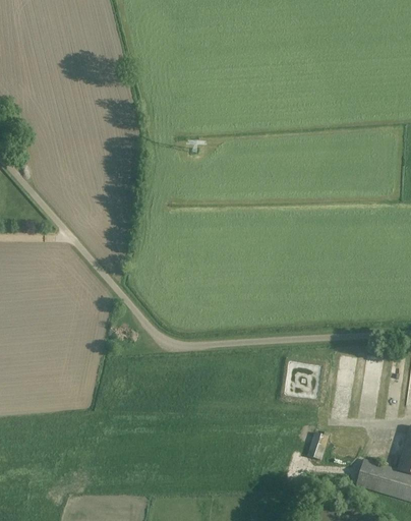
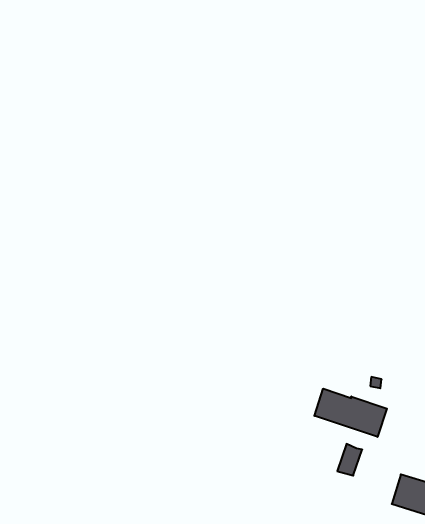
building: none -> [314,389,387,437]

